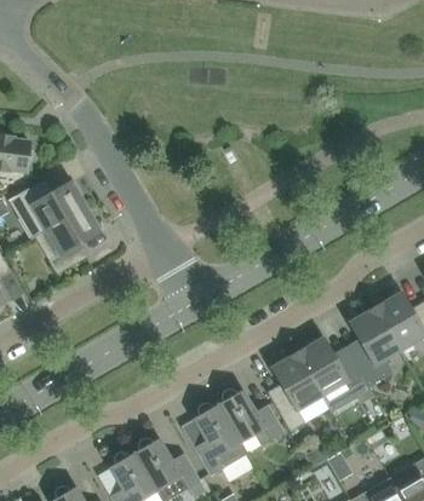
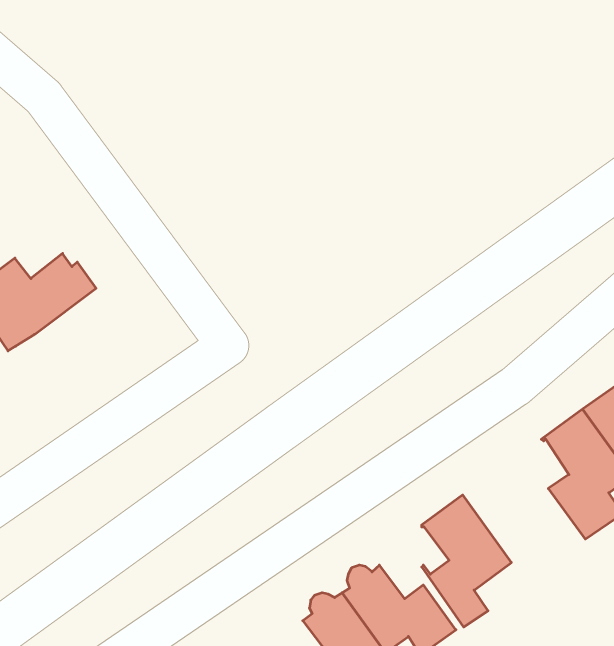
building: [47,206,98,273] -> none
building: [297,336,368,411] -> none

